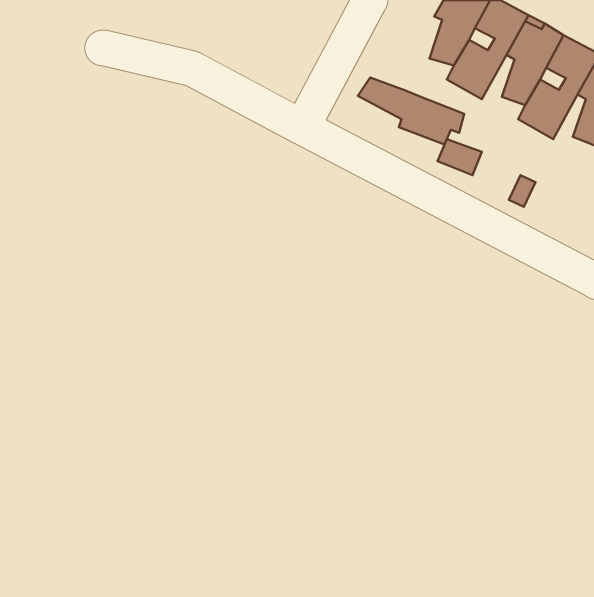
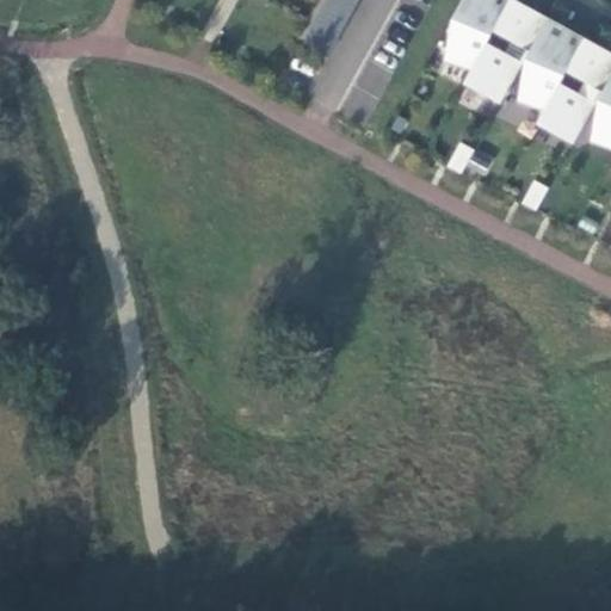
building: [358,78,464,145] -> none

